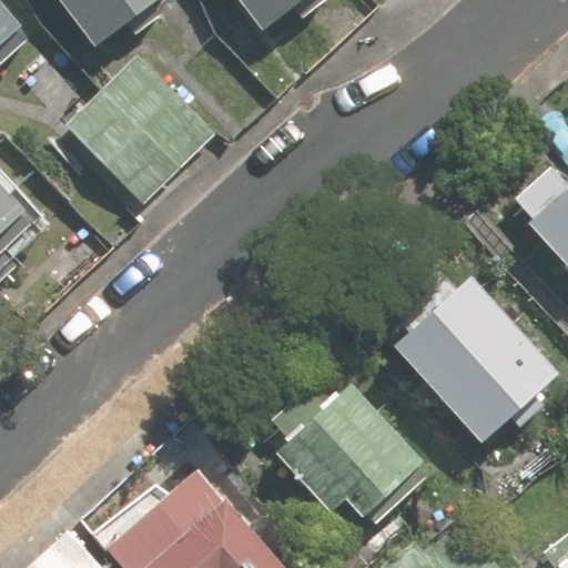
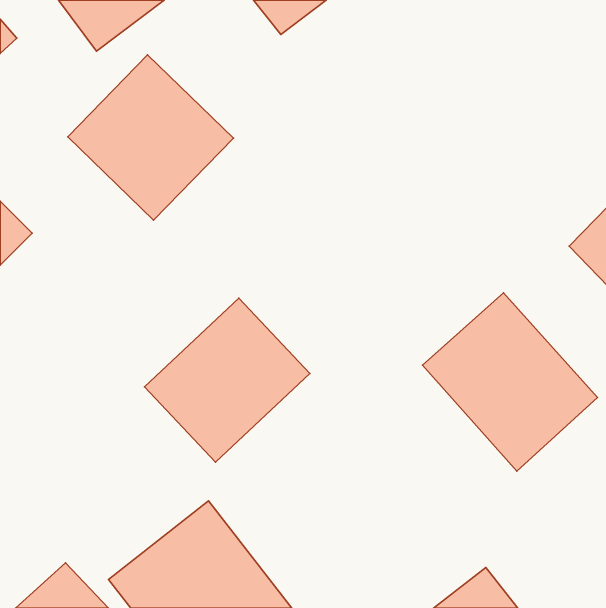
building: none -> [144,298,310,462]
building: [270,383,430,527] -> none

